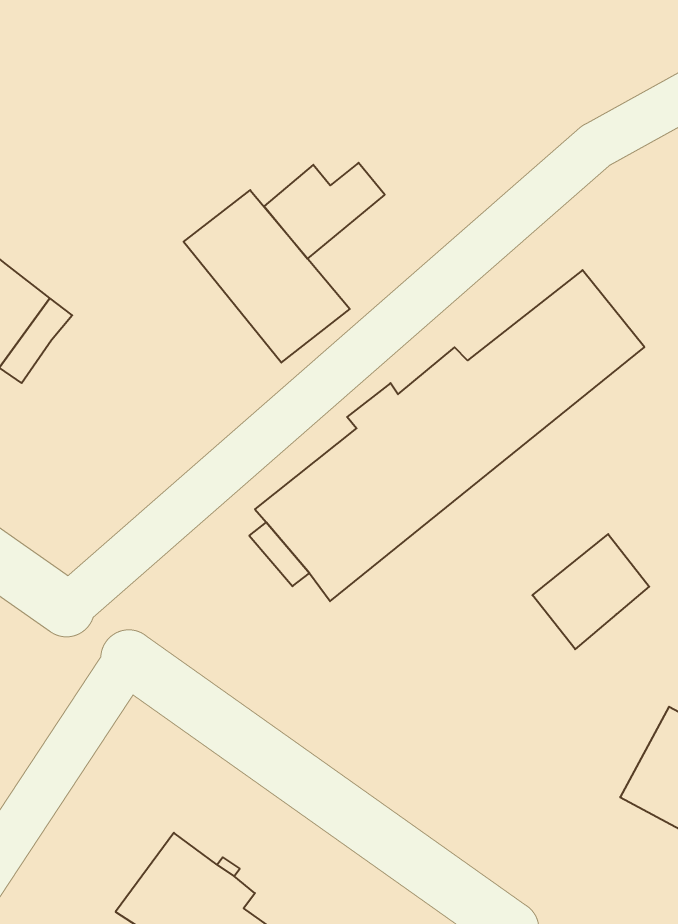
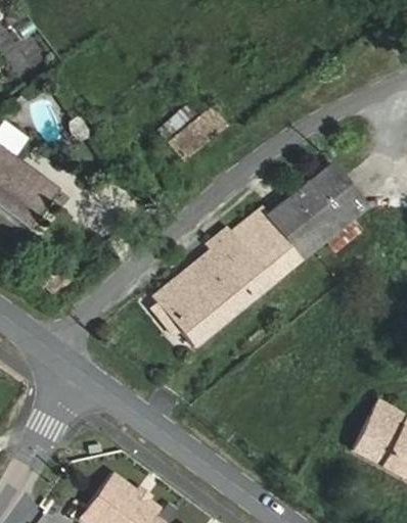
building: [184,190,350,363] -> none
building: [532,534,649,649] -> none

